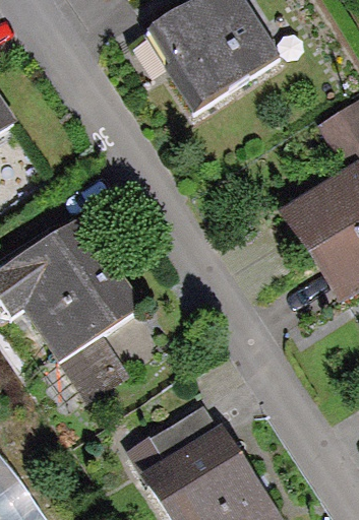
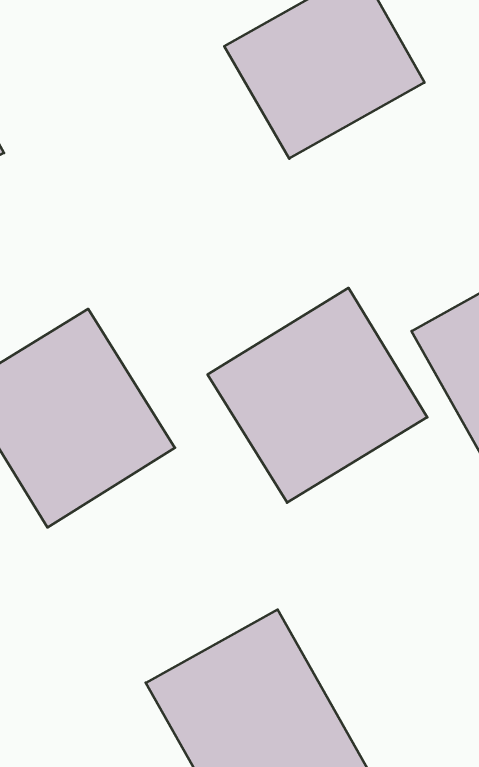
building: none -> [208,288,427,503]

